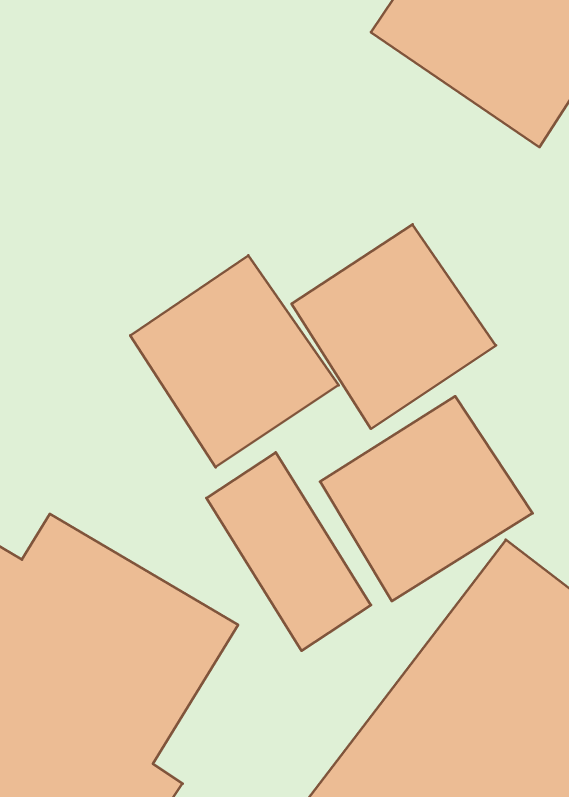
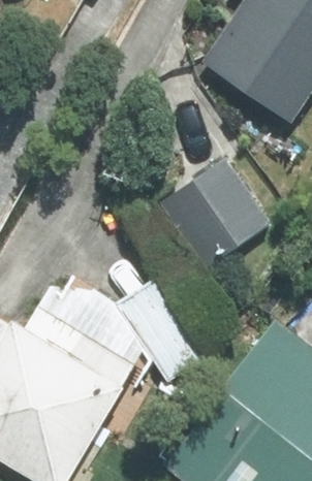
building: [130,255,339,467] -> none
building: [320,396,533,601] -> none

